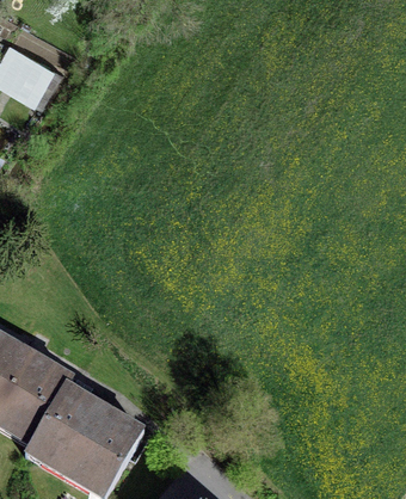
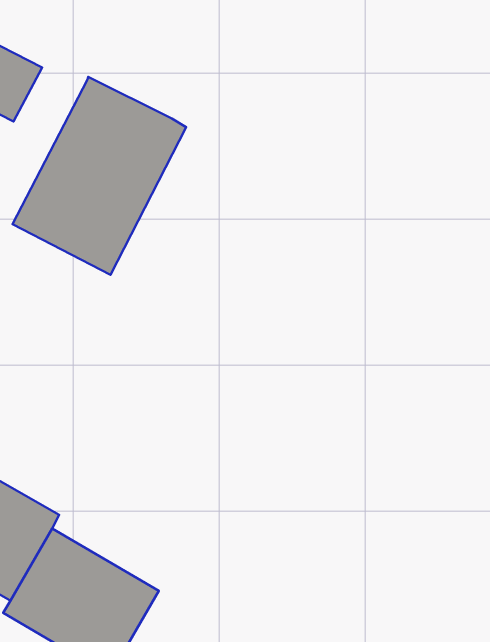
building: none -> [12,77,186,275]

